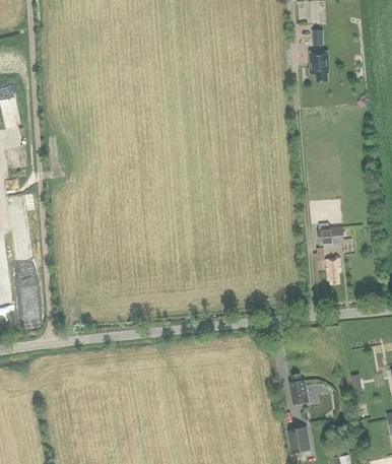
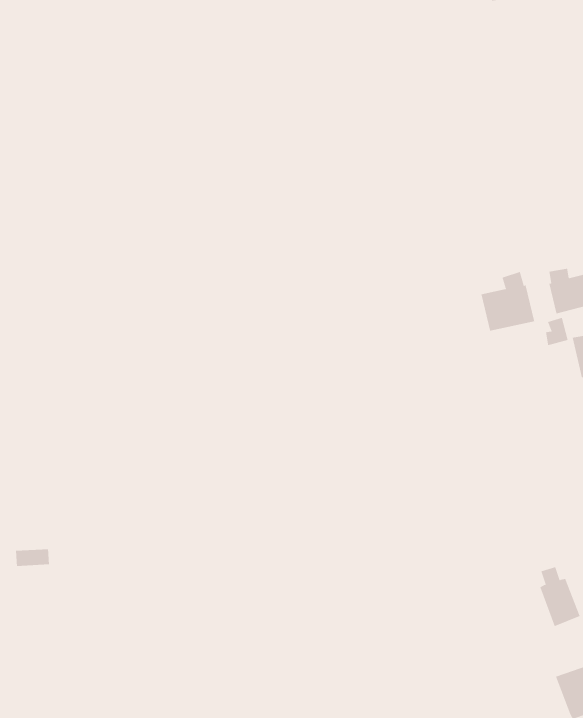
building: none -> [481,271,535,331]

